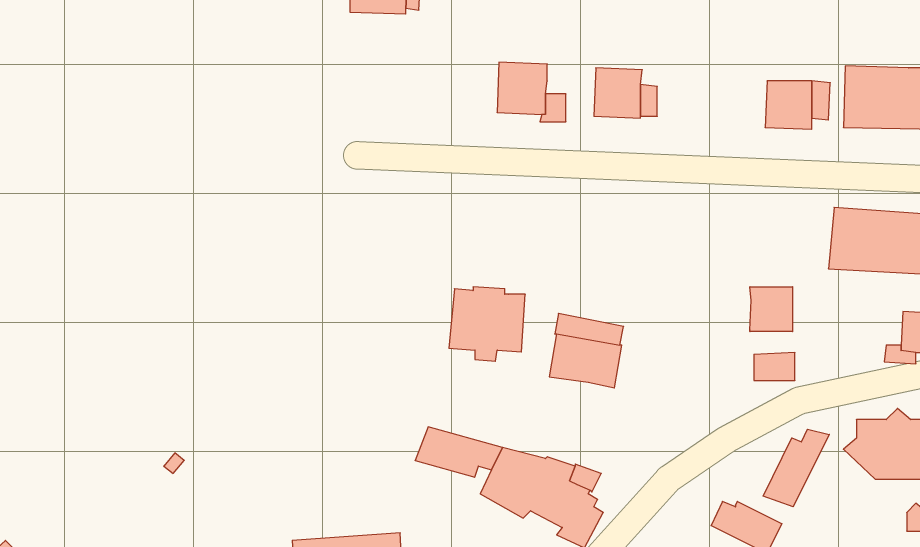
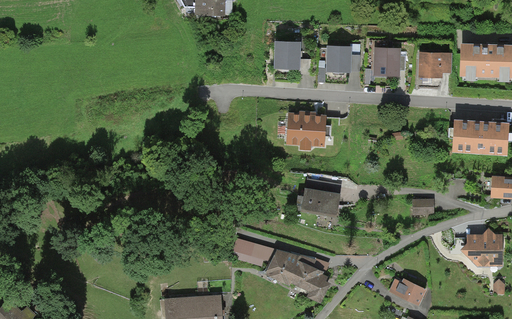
building: none -> [373,47,400,76]
building: [750,287,793,332] -> none
building: [449,287,525,361] -> [285,111,326,151]
building: [763,429,829,507] -> none

